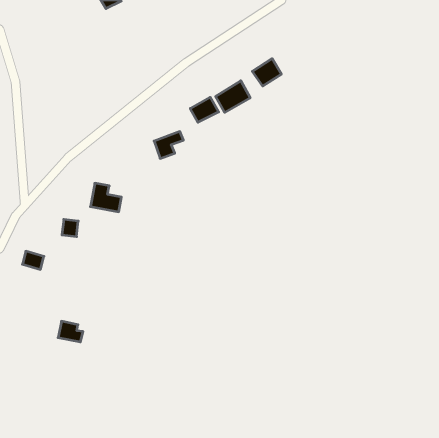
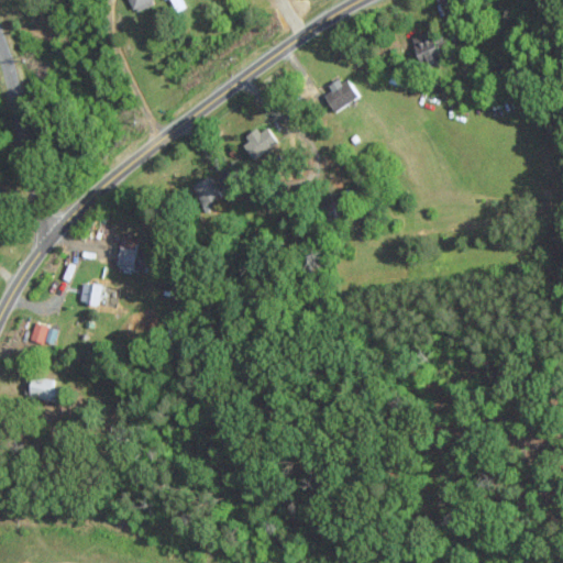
building: none -> [412,31,439,65]
building: [216,81,250,112] -> none
building: [58,321,83,342] -> [26,376,58,402]

